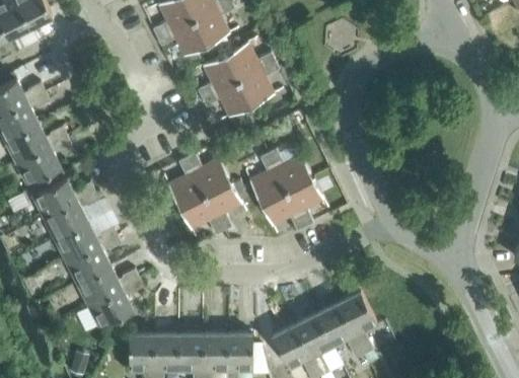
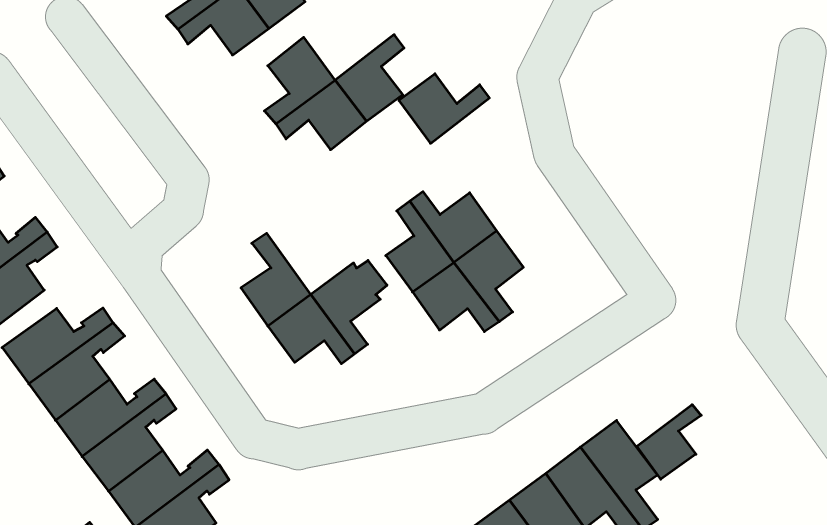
building: [225,44,275,81] -> [399,74,489,143]
building: [187,154,231,196] -> none
building: none -> [637,405,701,479]

